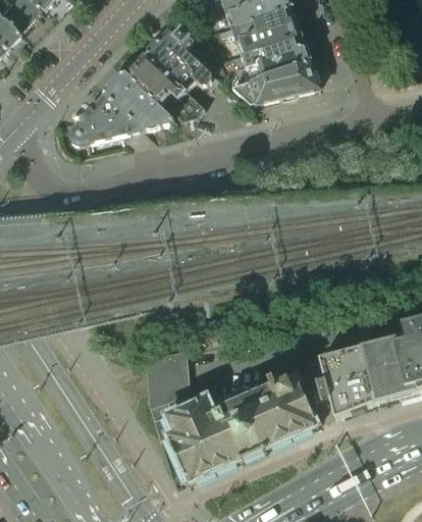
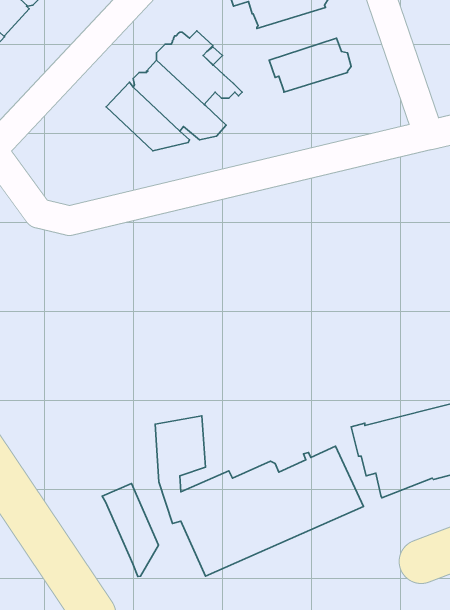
building: [218,9,300,53] -> none
building: [231,61,319,103] -> none
building: [70,92,144,144] -> none
building: none -> [102,483,159,576]

